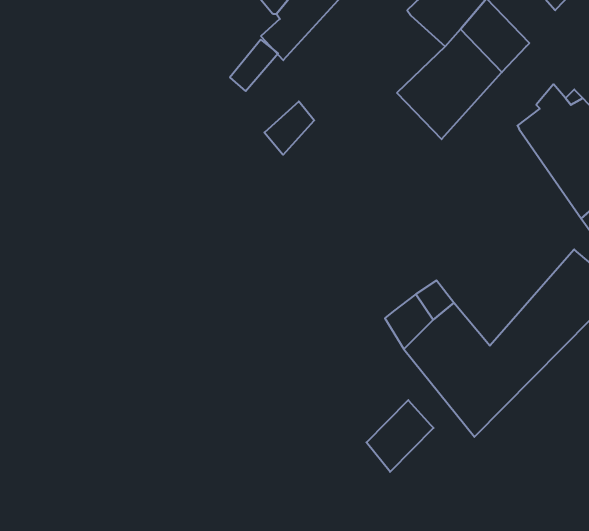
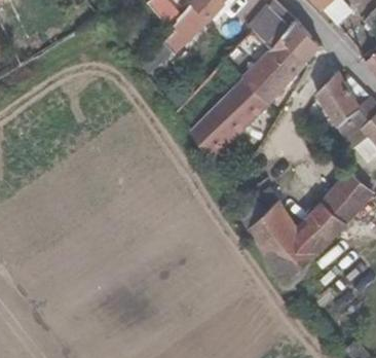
building: none -> [190,75,270,157]
building: [366,400,434,472] -> none

